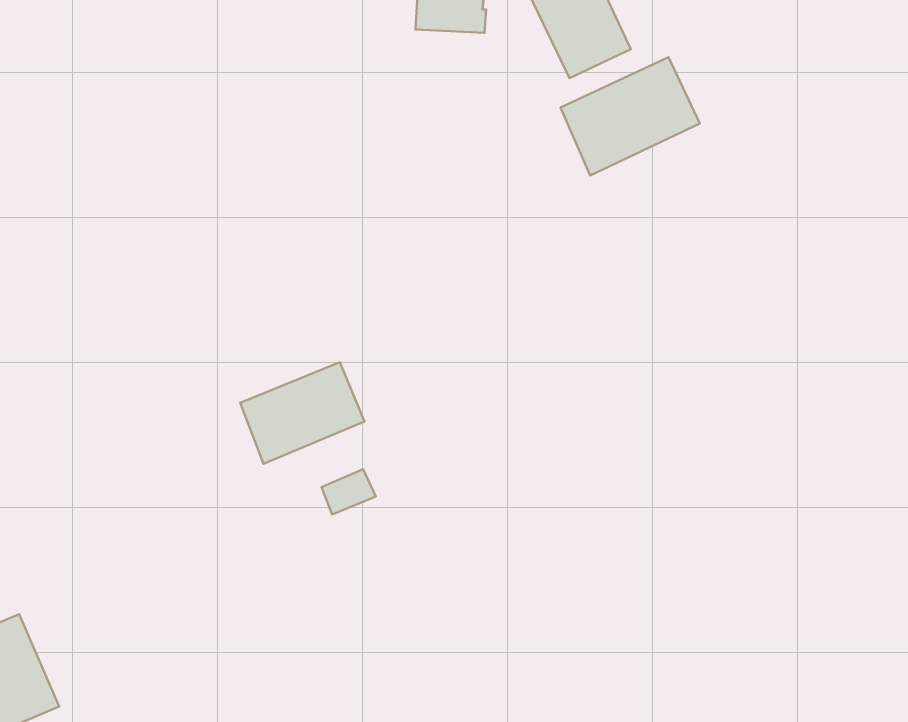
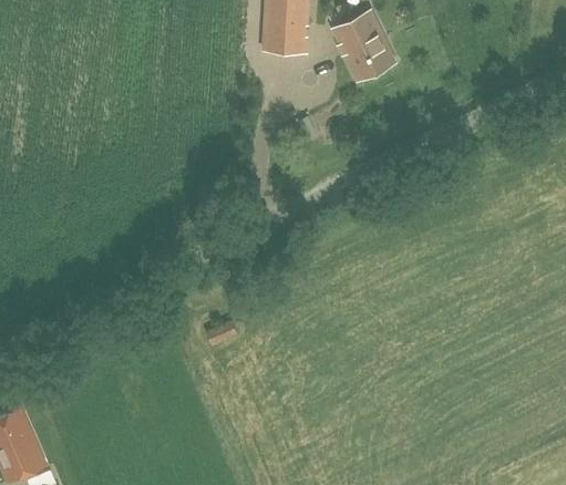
building: [561,57,700,175] -> none
building: [240,362,365,464] -> none

